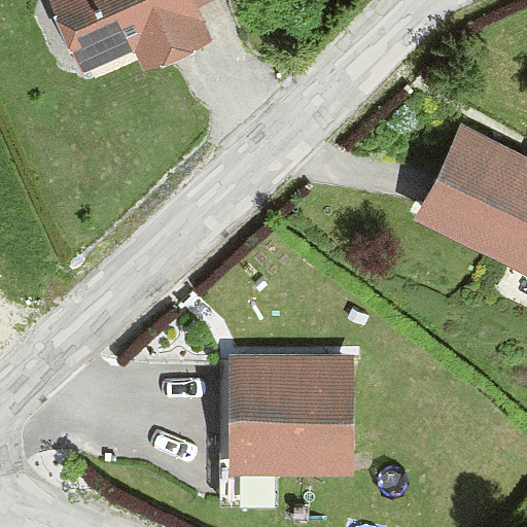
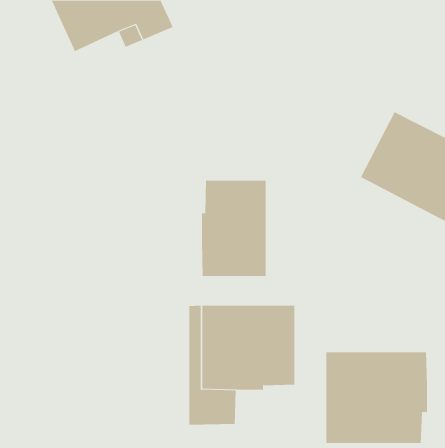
building: none -> [202,180,266,277]
building: none -> [326,351,428,444]

